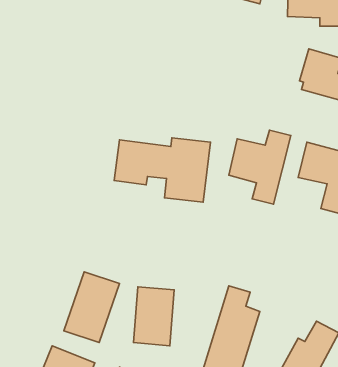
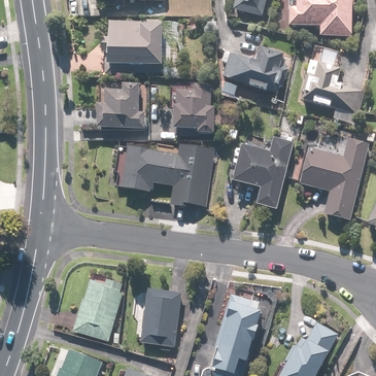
building: none -> [107,18,165,76]
building: none -> [224,46,288,94]
building: none -> [173,82,214,133]
building: none -> [98,83,146,131]

